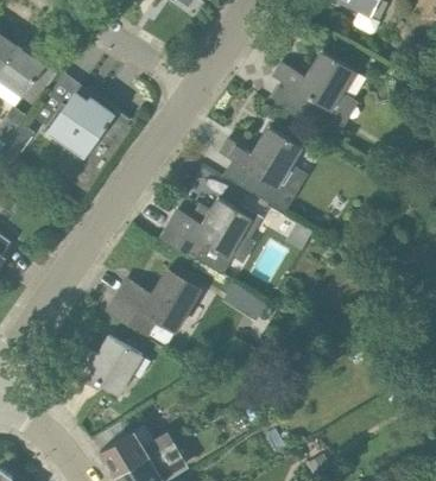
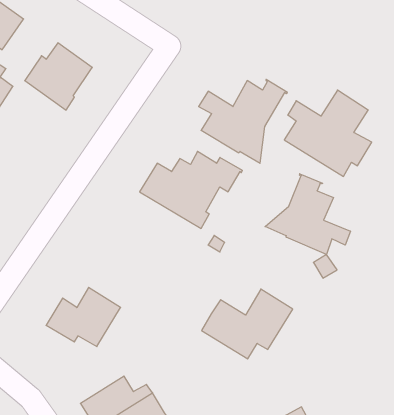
building: [268,50,356,137] -> [284,90,372,176]
building: none -> [265,174,350,254]
building: [107,270,198,340] -> [202,289,293,359]

